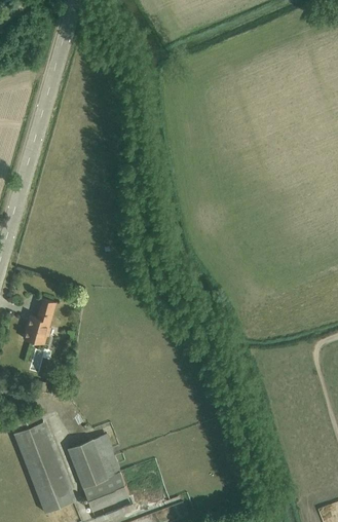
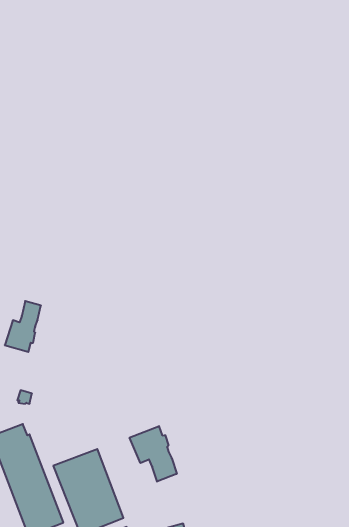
building: none -> [130,426,177,482]

